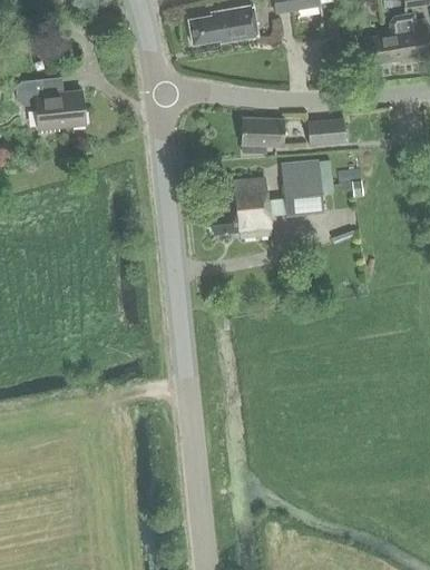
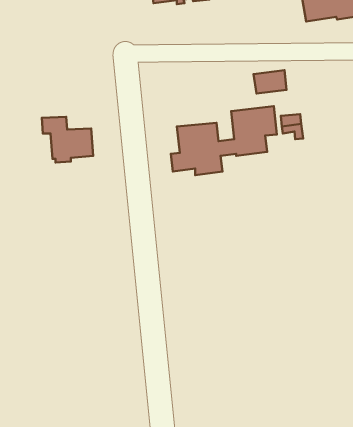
building: [27,79,86,131] -> [42,117,93,163]
building: [242,117,284,150] -> none

